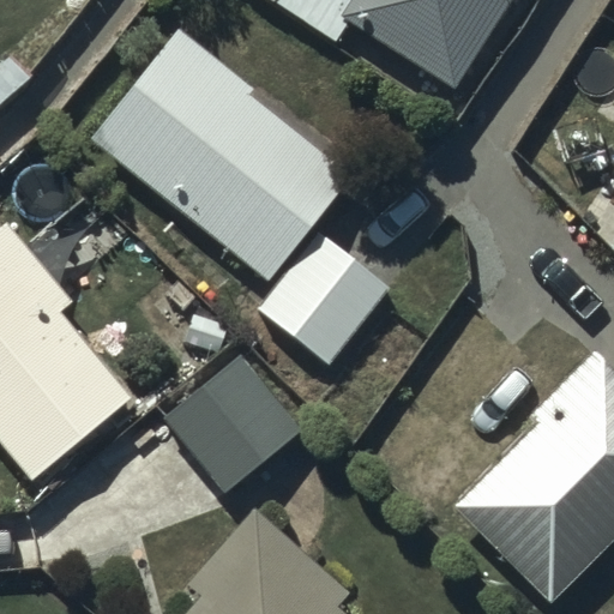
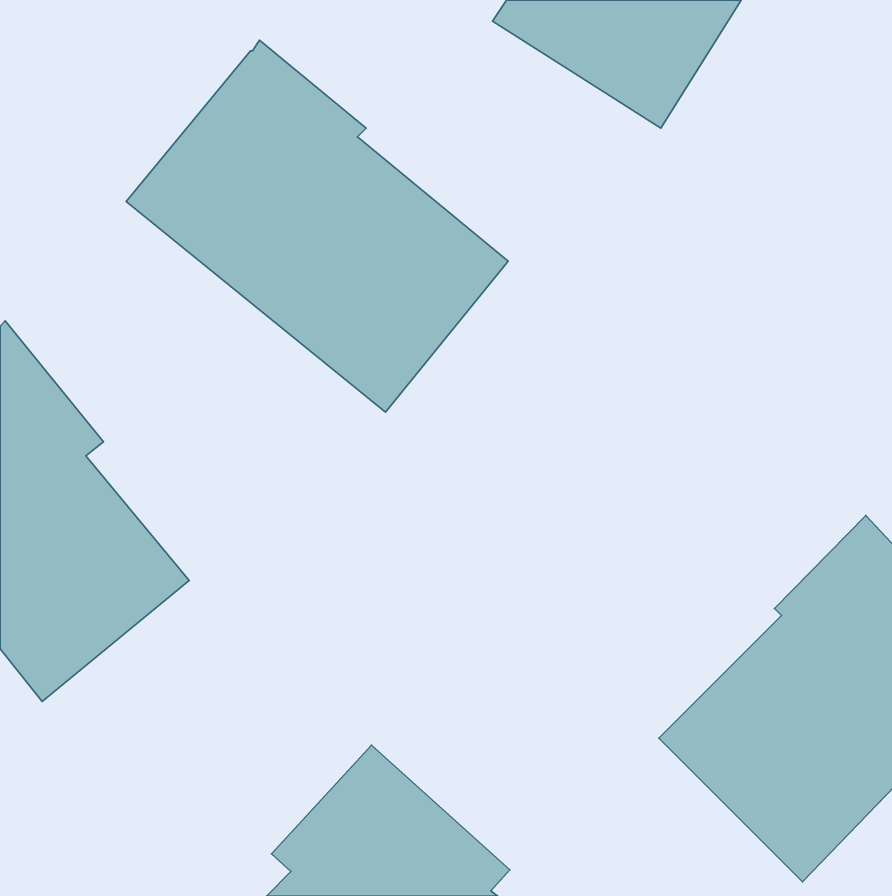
building: [258,233,391,365] -> none
building: [162,355,301,493] -> none

